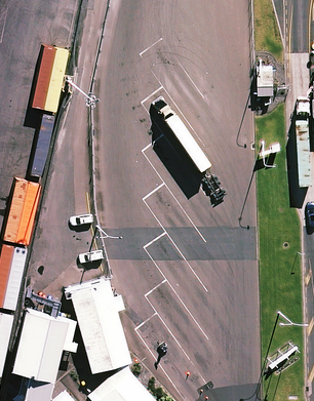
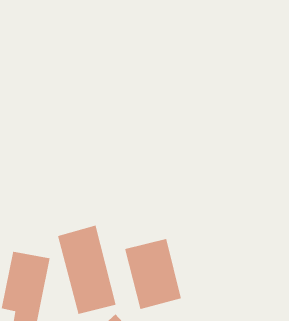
building: none -> [125,238,182,310]

